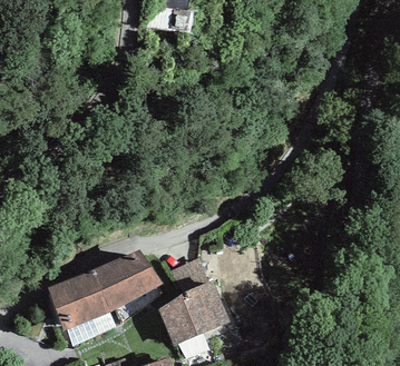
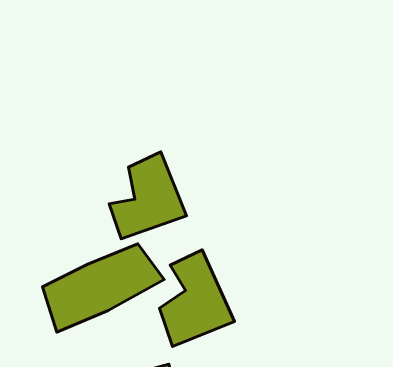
building: none -> [109,152,187,239]

